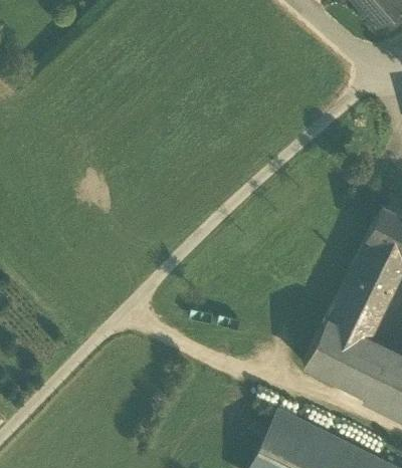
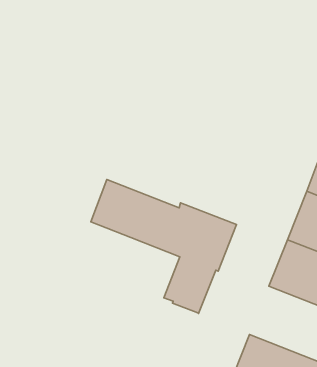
building: none -> [91,180,236,313]

